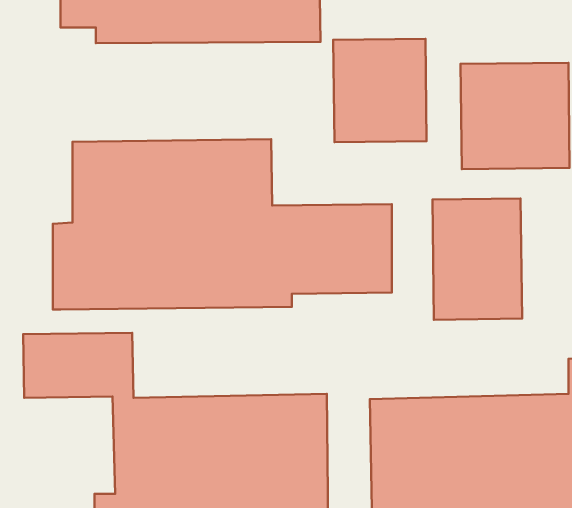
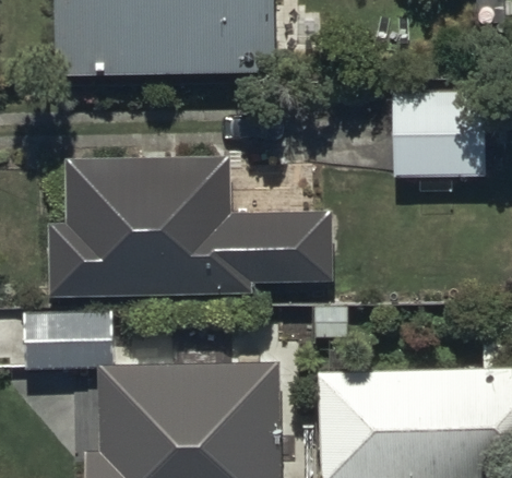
building: [333,39,427,142] -> none
building: [432,198,522,320] -> none

